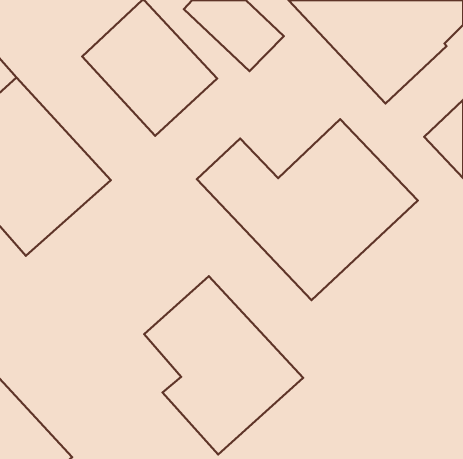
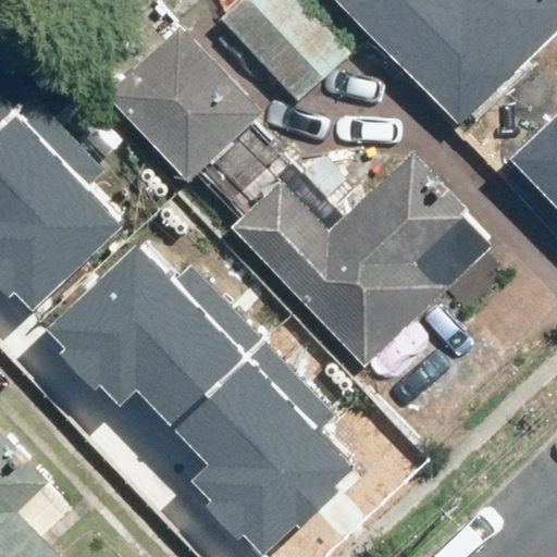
building: none -> [45,226,246,409]

